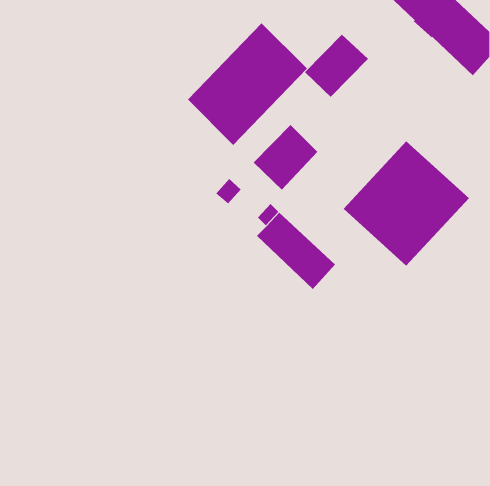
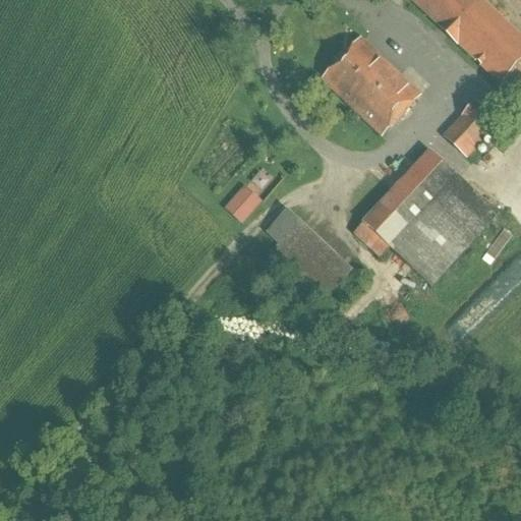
building: [187,22,308,146] -> none
building: none -> [444,100,497,153]
building: [253,124,318,190] -> [350,62,419,132]

